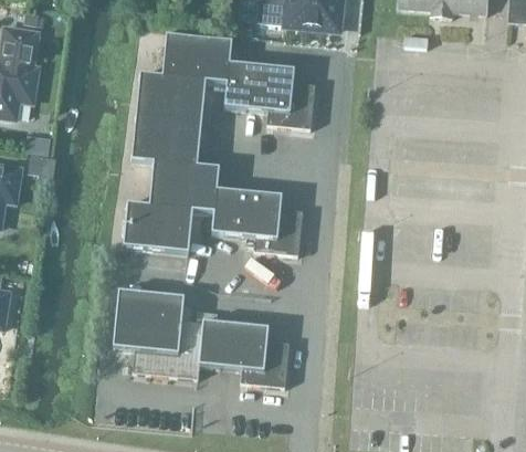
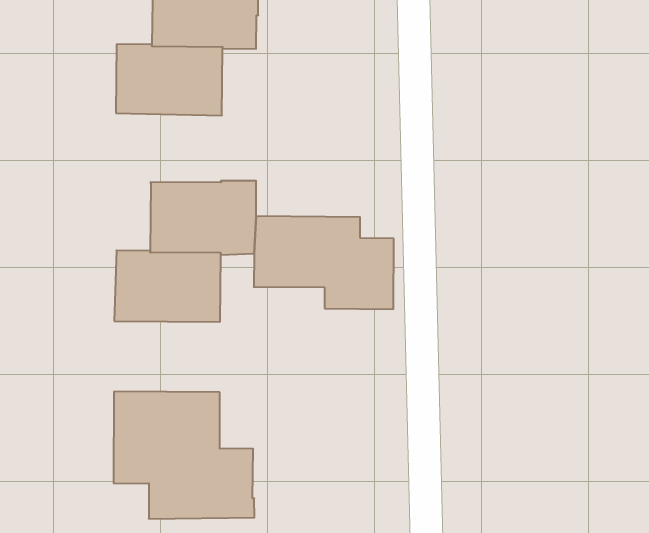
building: [225,62,316,128] -> none
building: [132,115,202,165] -> none
building: [199,320,290,386] -> none

